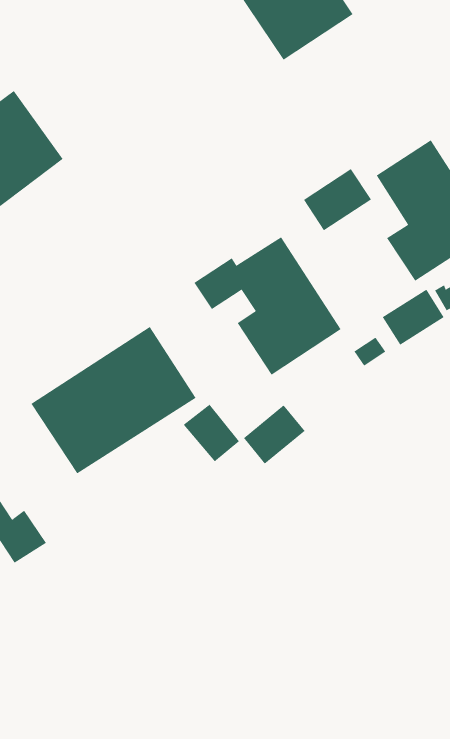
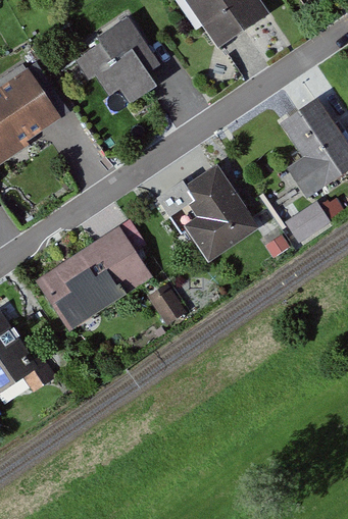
building: none -> [72,13,159,106]
building: [303,168,372,231] -> none
building: [243,405,305,464] -> none

